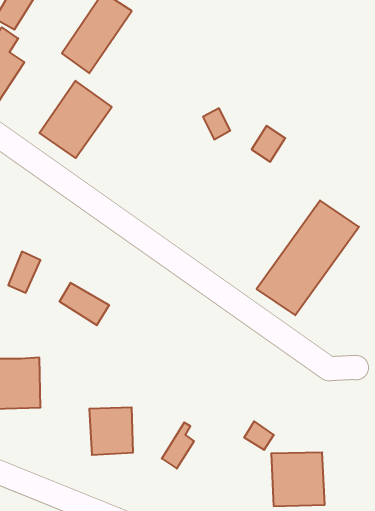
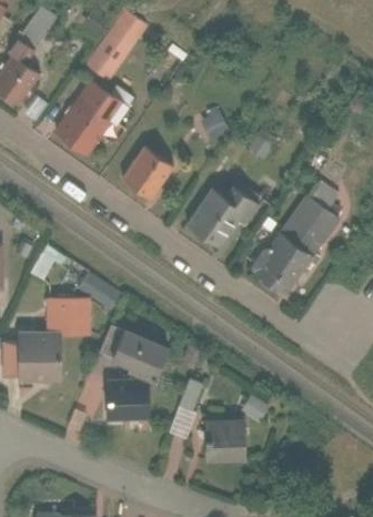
building: none -> [123,148,175,201]
building: none -> [187,182,263,250]
building: none -> [40,297,89,336]
building: none -> [113,326,174,379]
building: [271,452,325,506] -> [199,416,246,464]

